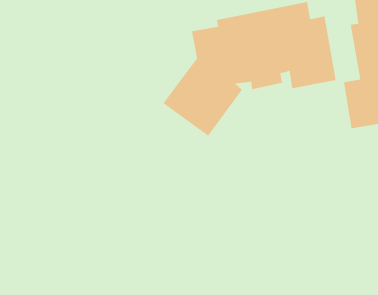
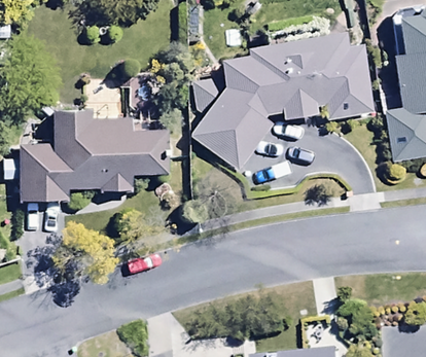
building: none -> [17,104,169,202]

